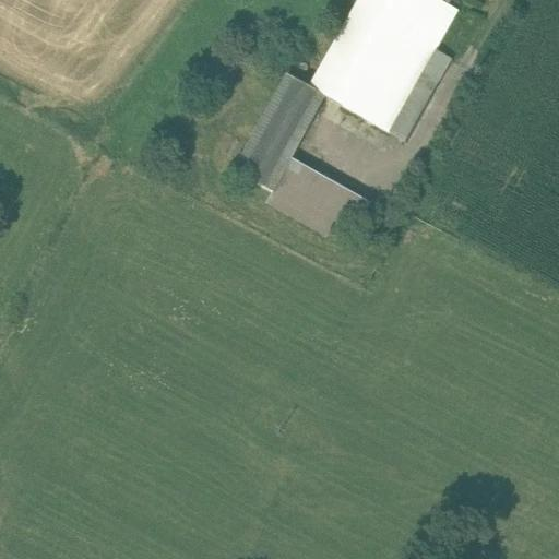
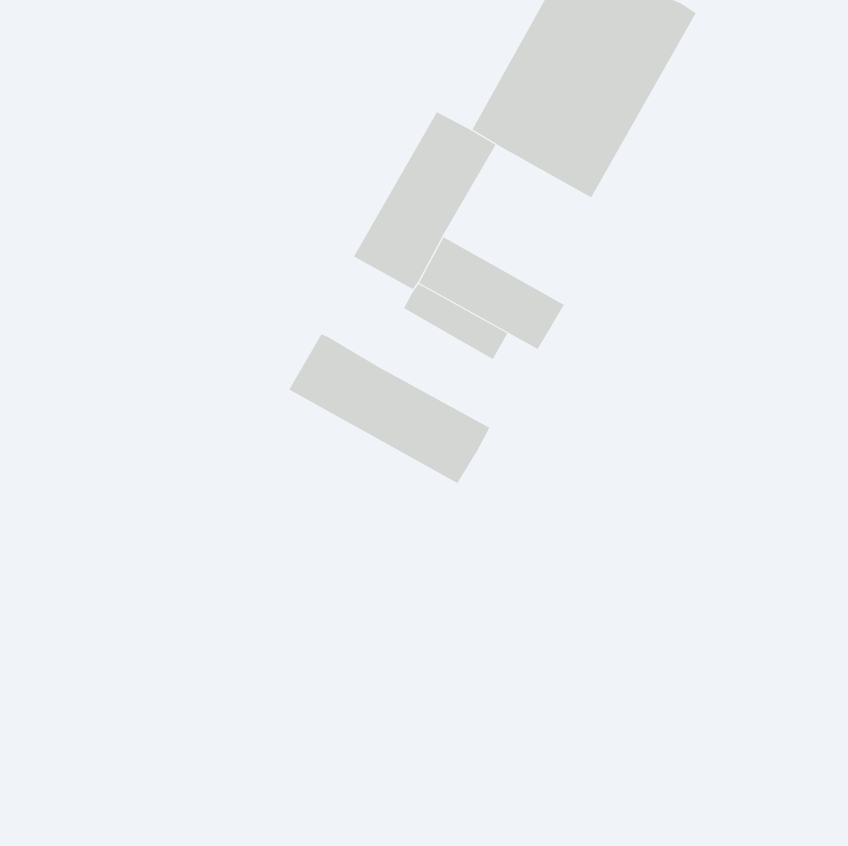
building: [388,49,450,139] -> none
building: none -> [289,334,490,484]

